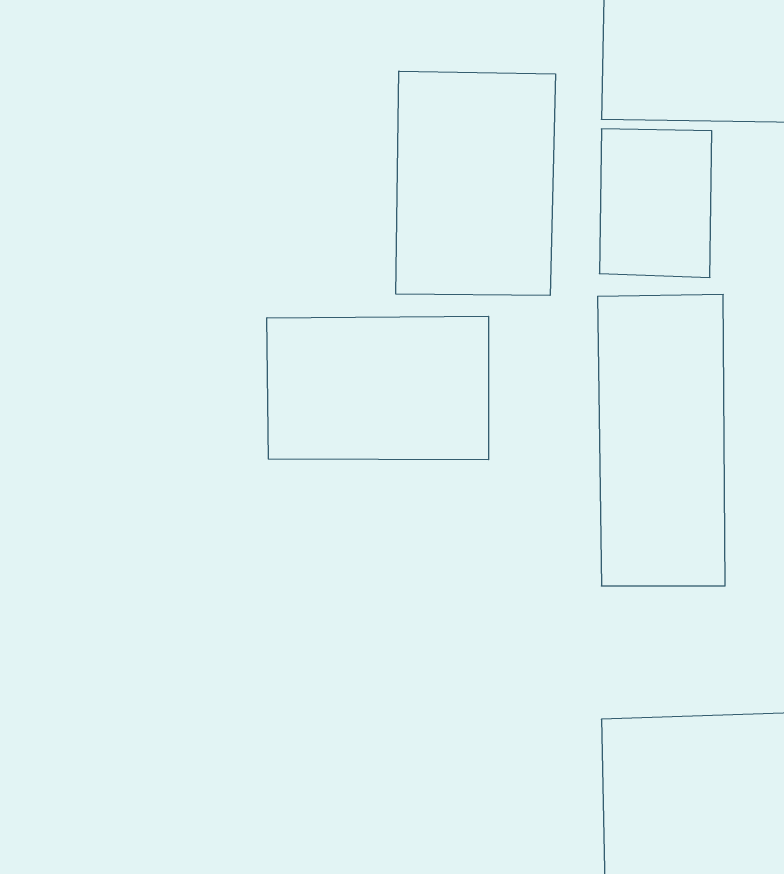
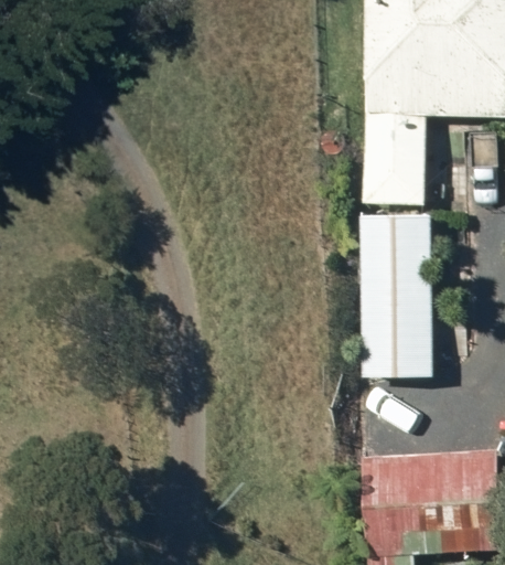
building: [396,71,555,295] -> none
building: [267,316,489,460] -> none

